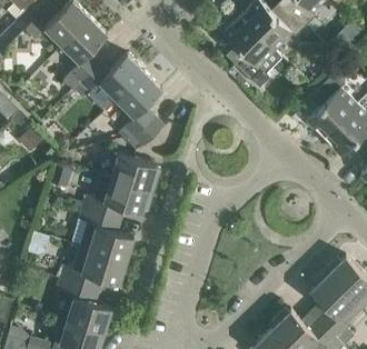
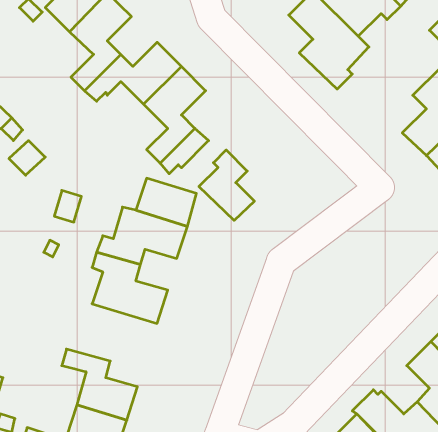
building: none -> [199,150,254,220]
building: [60,246,127,288] -> none

